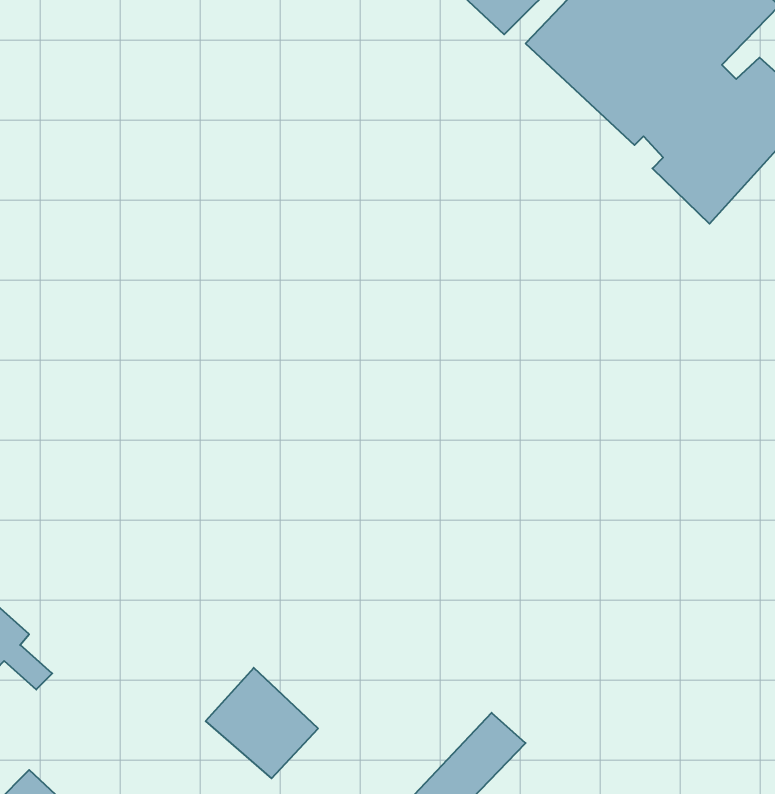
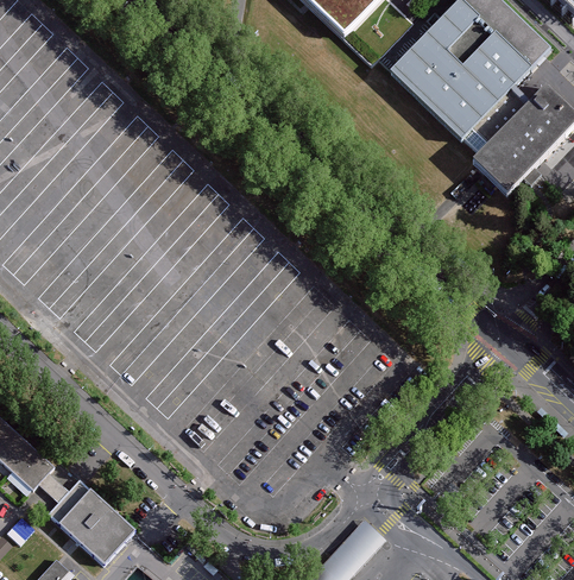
building: [206,668,318,778] -> [61,490,135,563]

